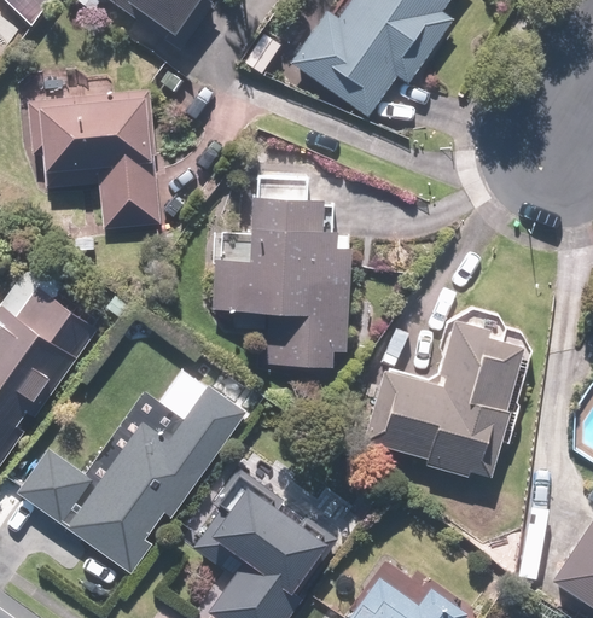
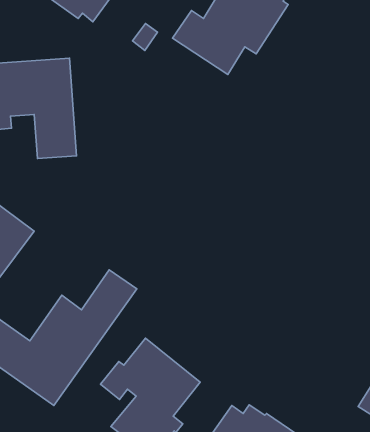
building: [211,175,350,366] -> none
building: [366,322,529,482] -> none

